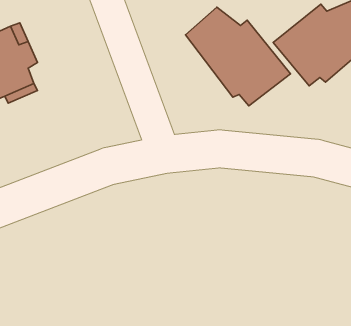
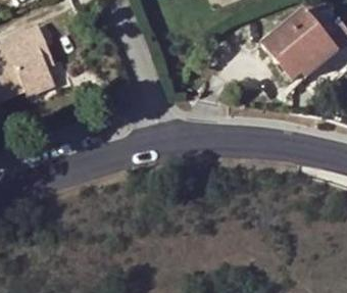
building: [186,7,290,106] -> none

